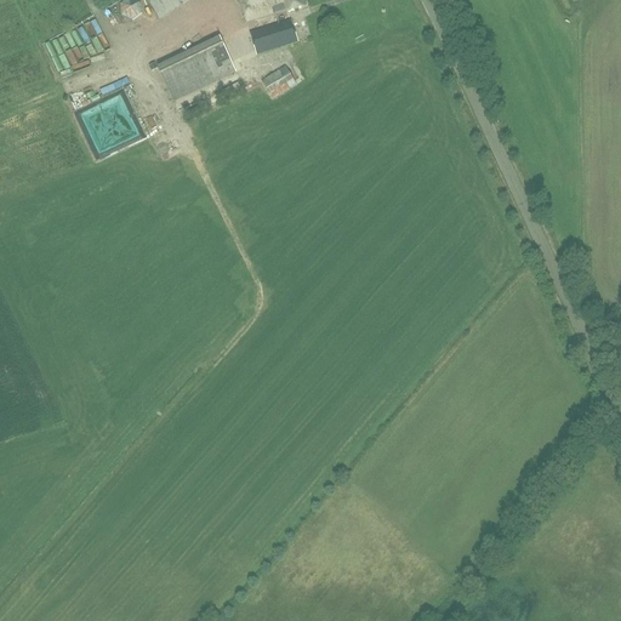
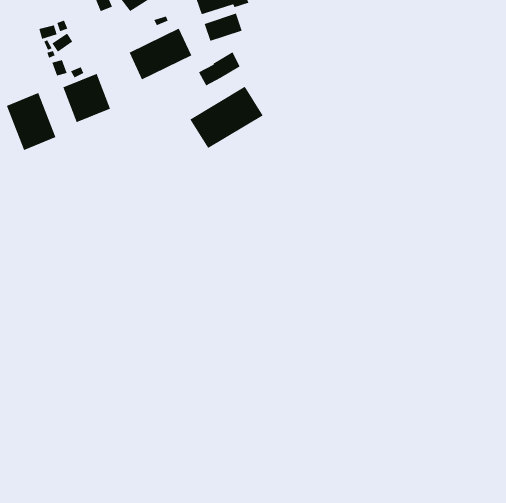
building: none -> [189,86,264,149]
building: none -> [6,92,56,151]

